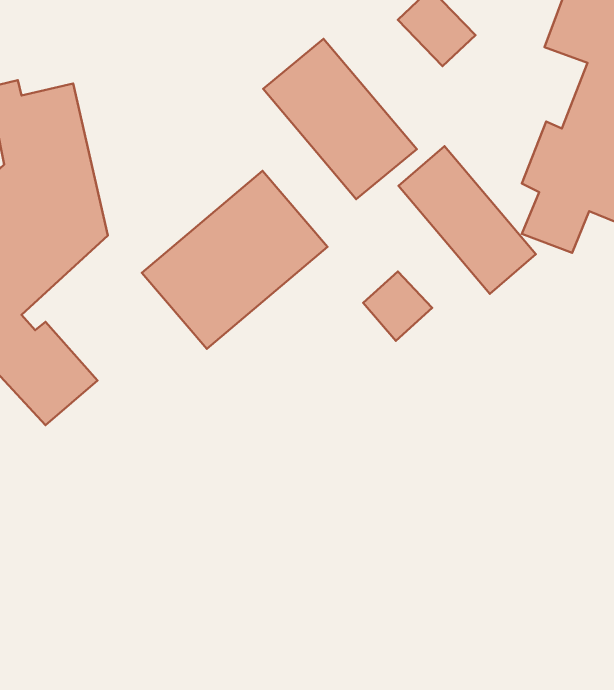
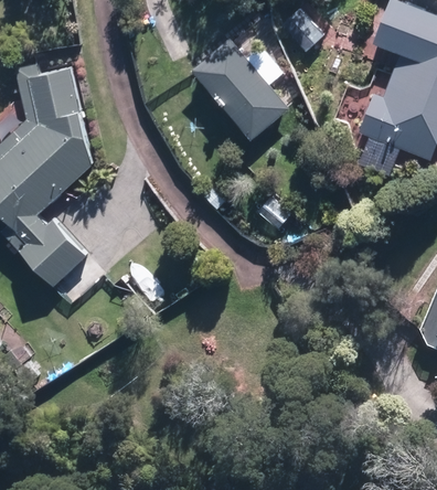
building: [399,146,536,294] -> none
building: [142,171,328,349] -> none

